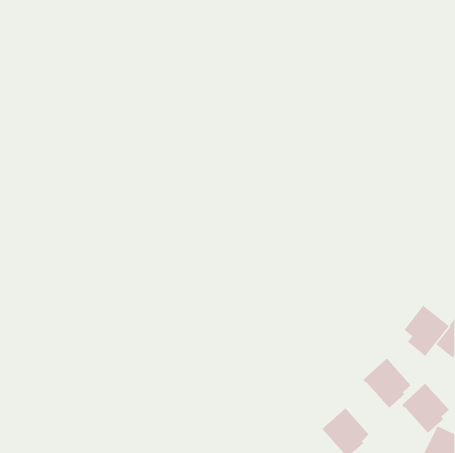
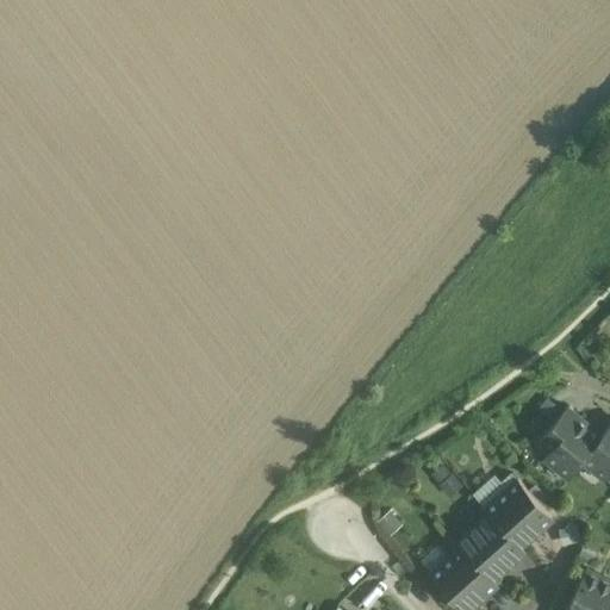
building: [401,383,450,434] -> [458,515,523,583]

